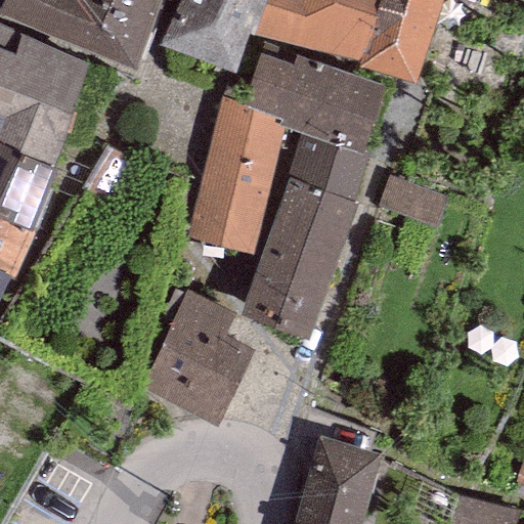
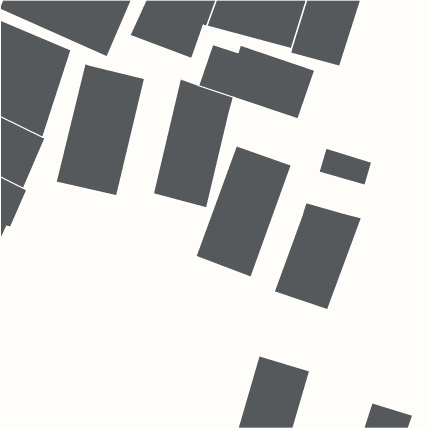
building: none -> [56,63,144,196]
building: [285,119,370,201] -> none
building: none -> [274,203,362,310]
building: [140,290,253,424] -> none

